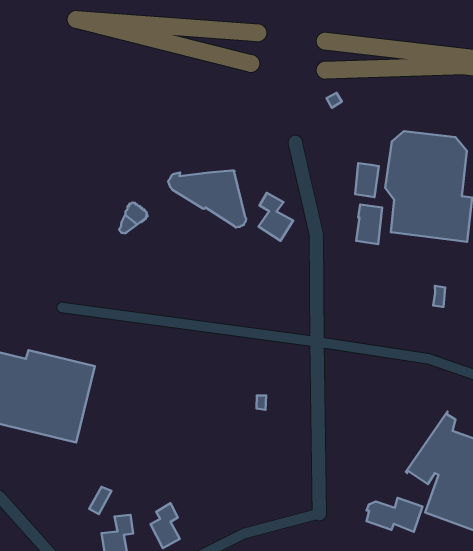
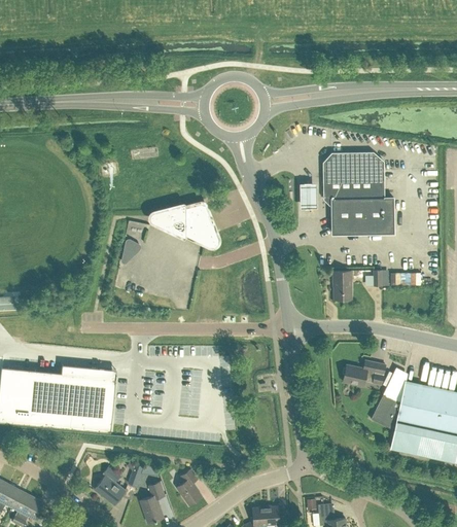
building: [259,193,293,241] -> none
building: [356,205,382,244] -> [332,271,351,300]
building: none -> [94,466,126,504]
building: [366,498,423,532] -> [342,360,385,386]

